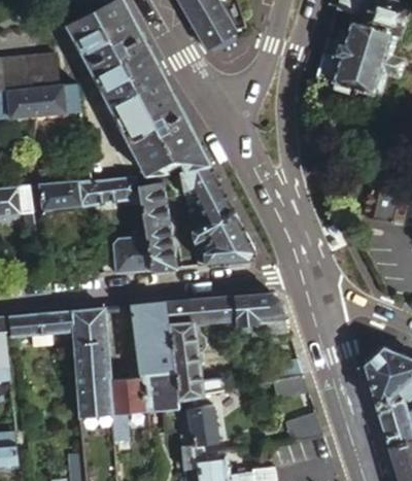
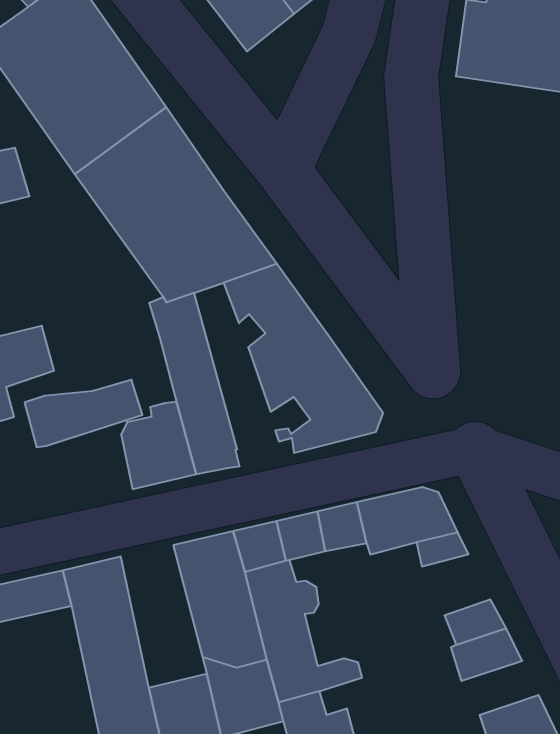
building: [78,175,140,204] -> [25,380,142,447]

